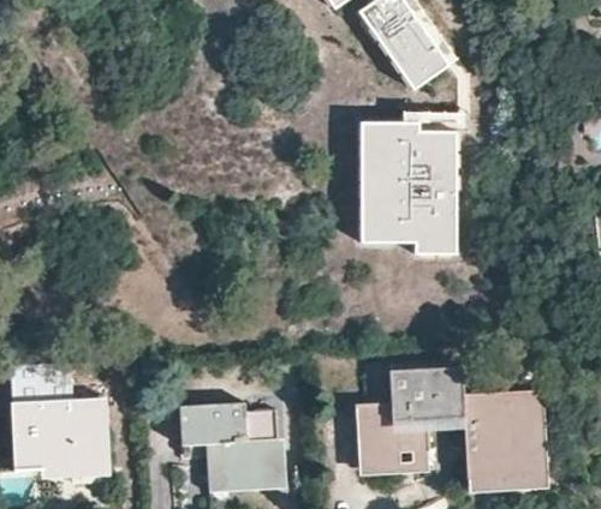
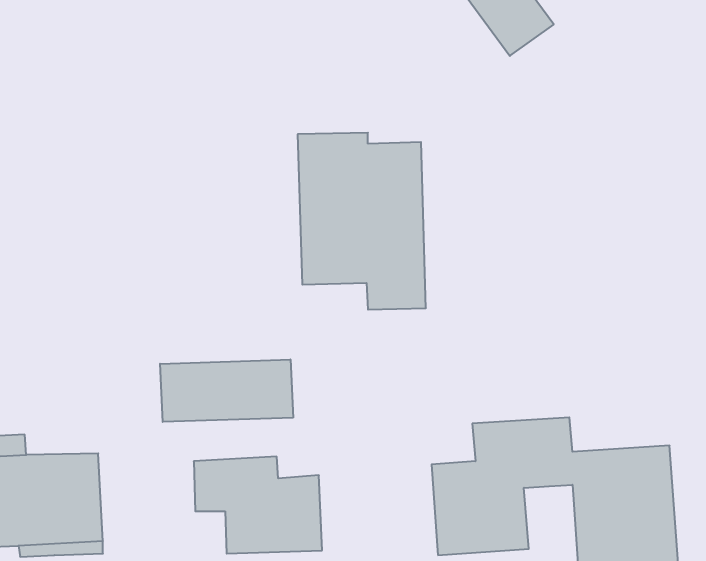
building: [364,125,463,261] -> [298,133,426,310]
building: none -> [160,359,293,422]

